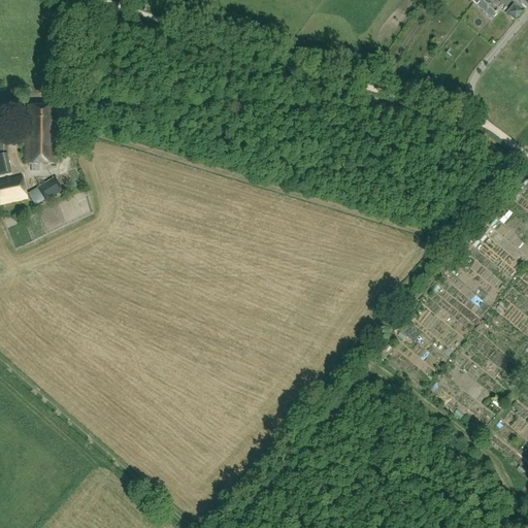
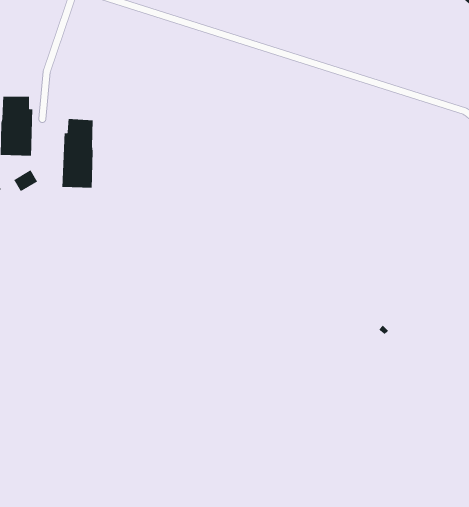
building: none -> [62,118,94,189]

